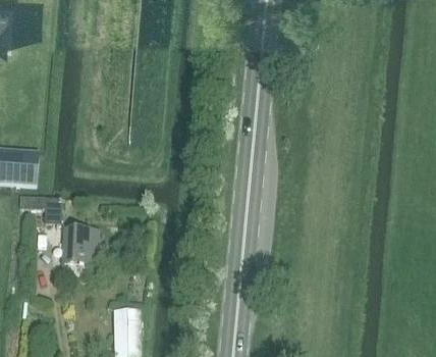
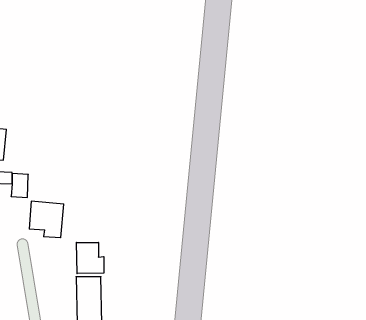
building: none -> [76,242,104,274]

